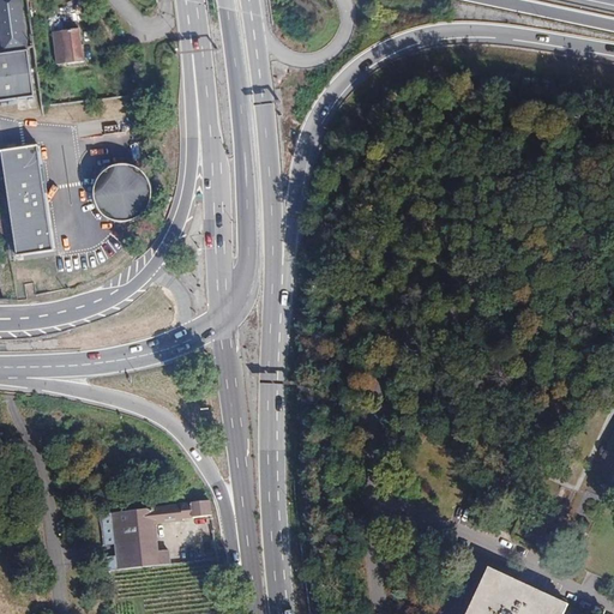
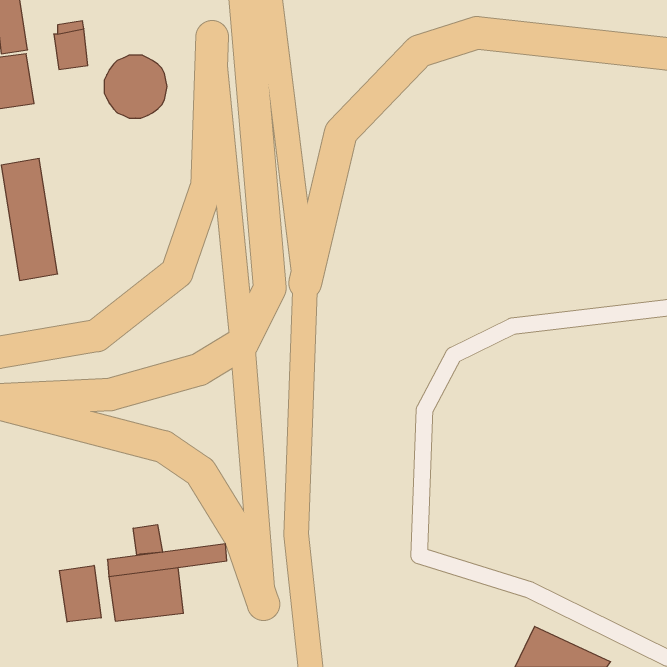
building: [89,162,146,219] -> [104,55,167,118]
building: none -> [133,525,163,555]
building: none -> [59,565,101,622]

